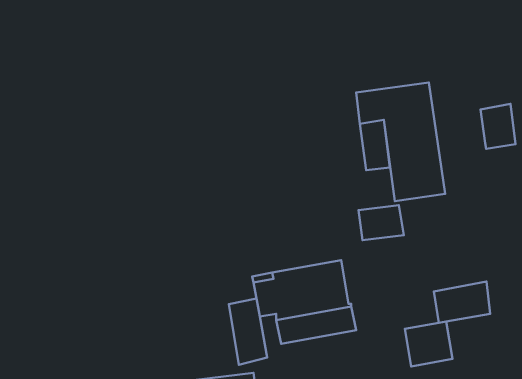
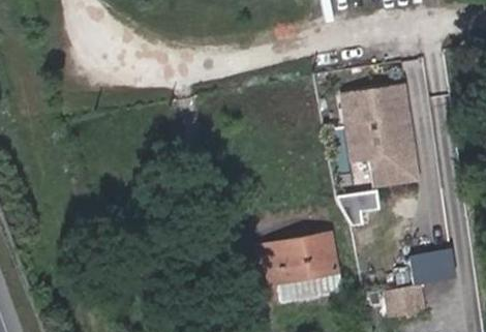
building: [480,104,516,149] -> none
building: [229,299,267,365] -> none

